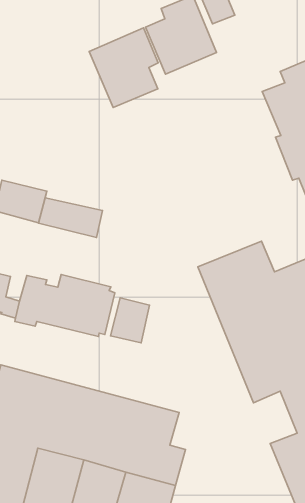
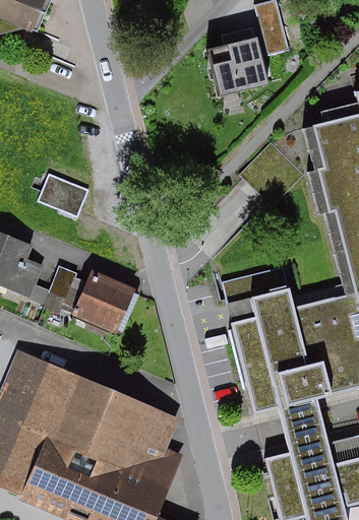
building: [89,28,158,108] -> none
building: [39,198,103,237] -> none
building: [110,298,149,343] -> none

